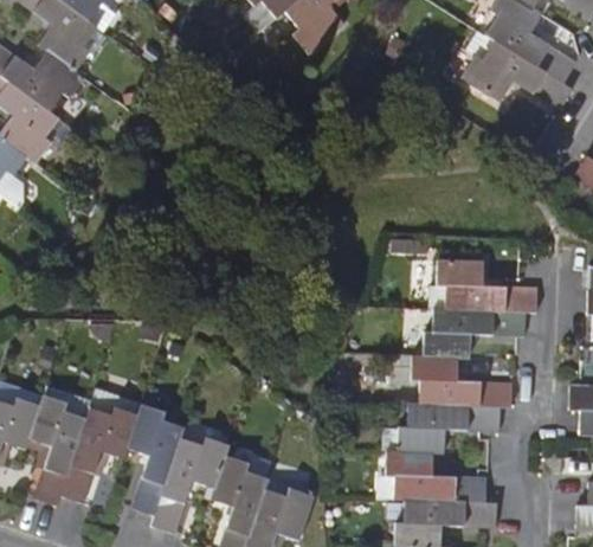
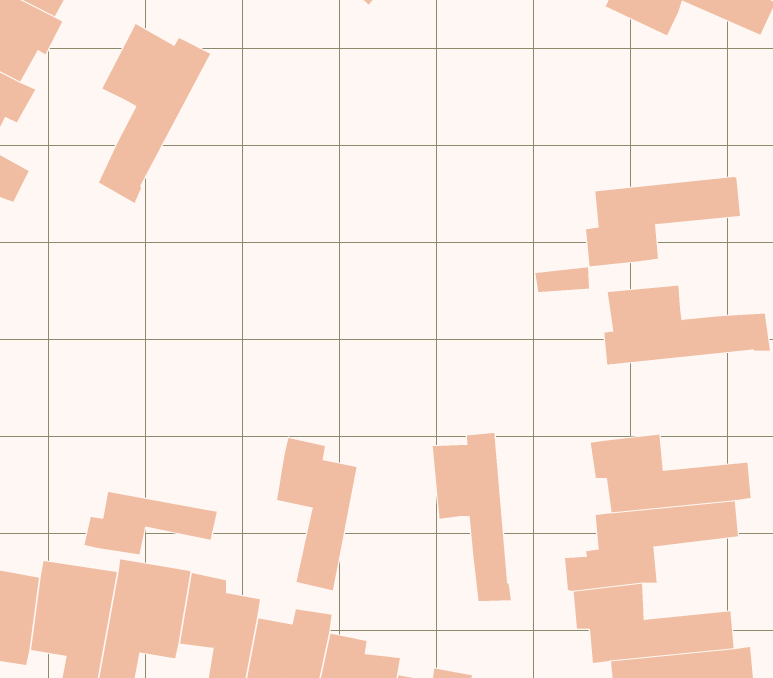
building: none -> [98,23,211,204]
building: [421,308,526,358] -> [585,177,741,267]
building: none -> [277,437,357,591]
building: none -> [432,432,512,602]
building: none -> [84,491,217,555]

